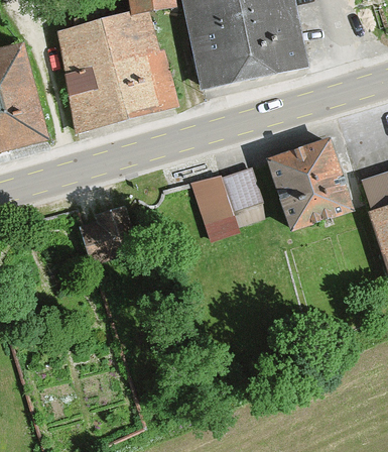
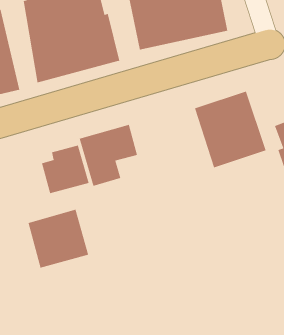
building: [195,159,266,235] -> [79,124,138,187]
building: none -> [28,209,89,268]

